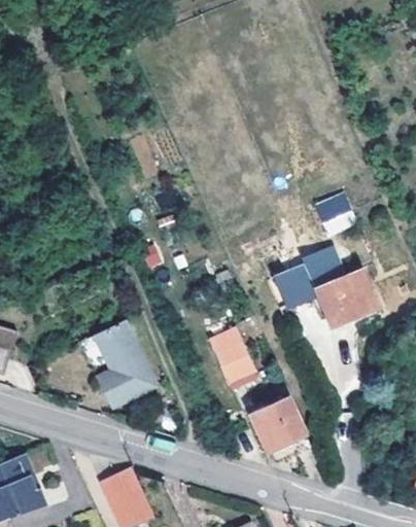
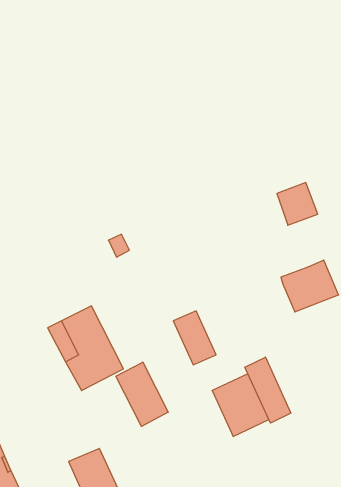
building: [275,248,347,308] -> none
building: none -> [245,357,291,423]
building: none -> [116,362,168,426]

